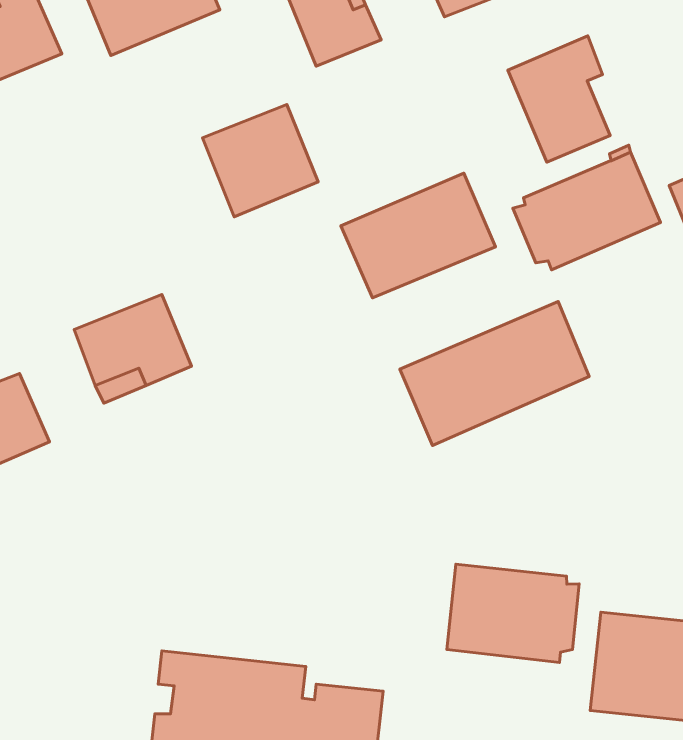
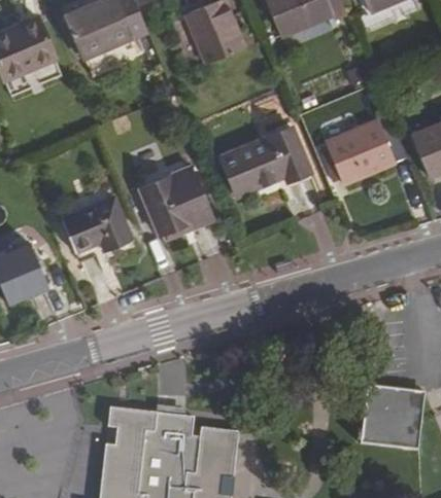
building: [508,36,610,162] -> none
building: [202,105,318,217] -> [140,170,208,236]
building: [400,301,589,445] -> none
building: [447,564,579,663] -> none

